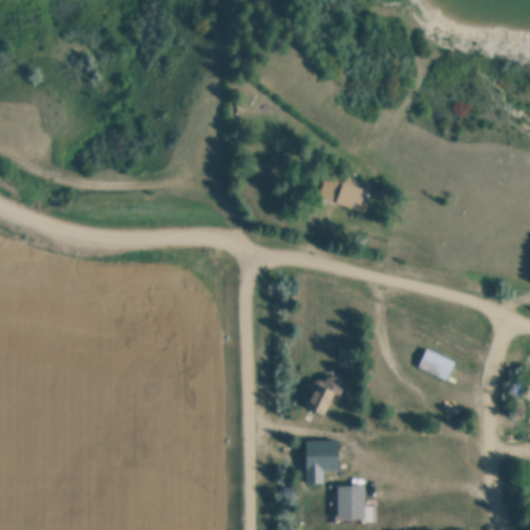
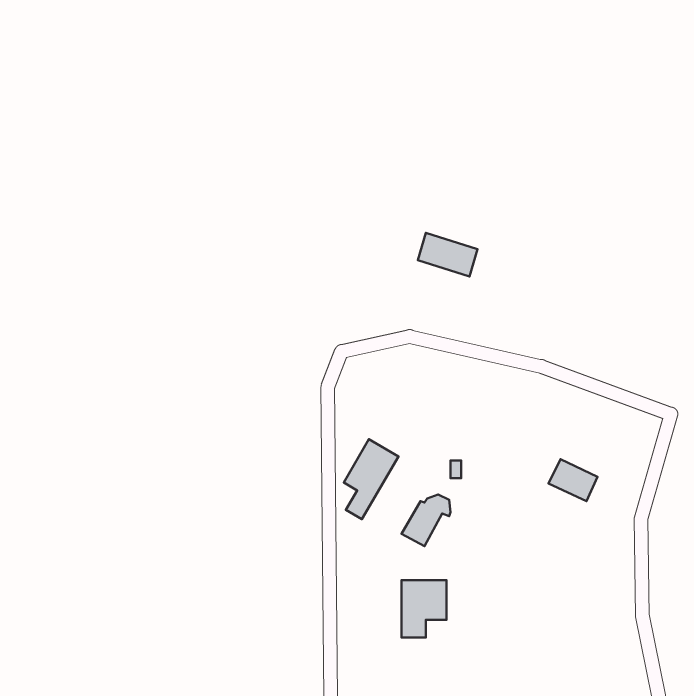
building: none -> [344,439,398,519]
building: [337,485,364,518] -> none

